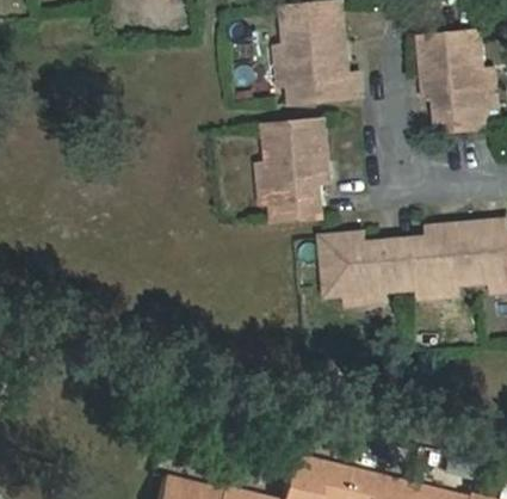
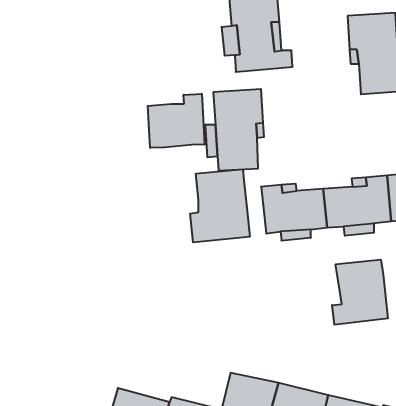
building: none -> [148,94,205,148]
building: none -> [190,169,250,242]
building: none -> [332,260,388,325]

